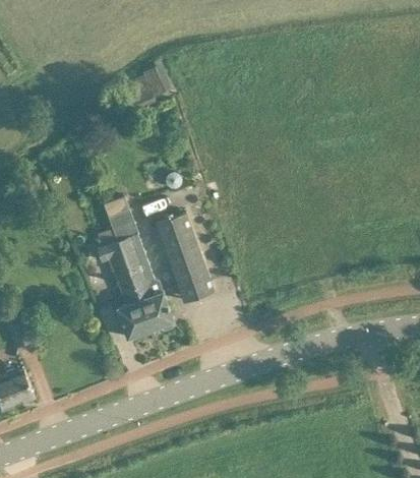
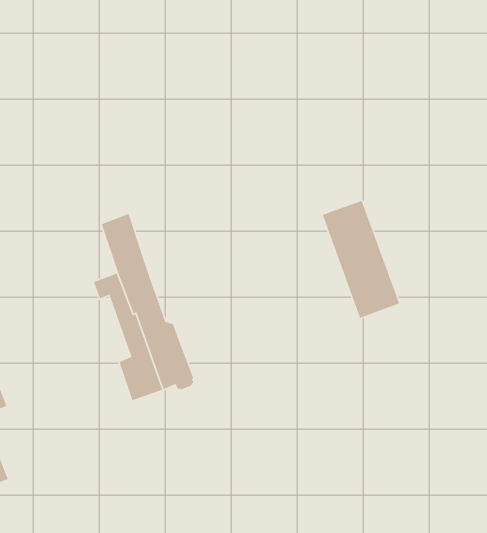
building: [156,213,215,302] -> [322,200,400,319]

